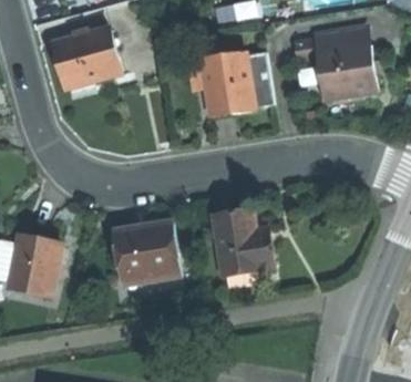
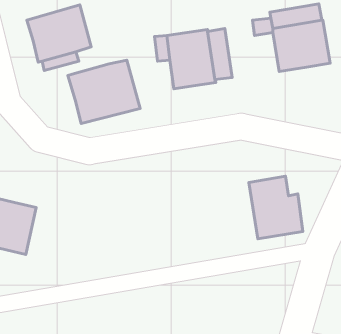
building: none -> [68,60,140,124]
building: [212,208,270,276] -> [249,176,303,239]
building: [114,223,169,283] -> none

